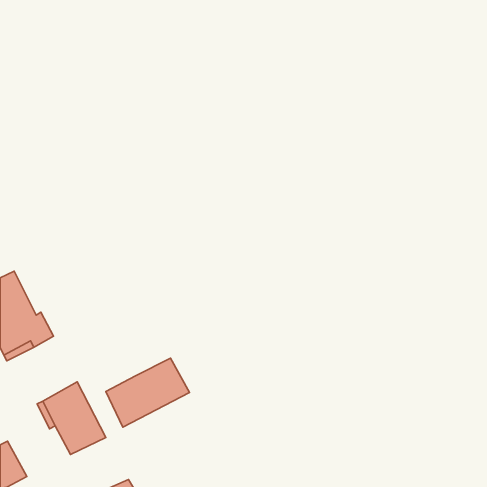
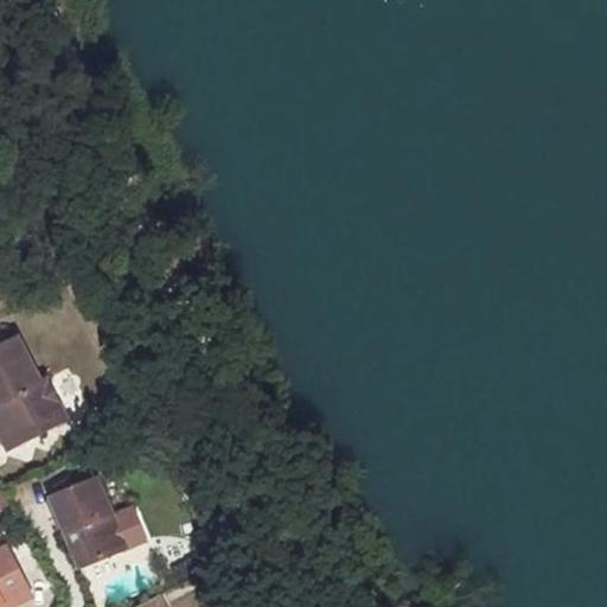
building: [106,358,189,427] -> none

